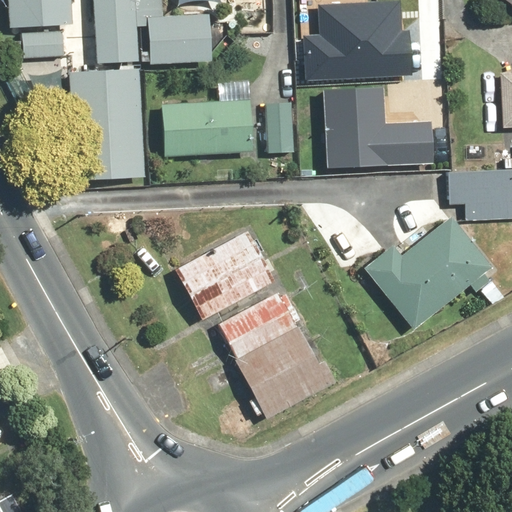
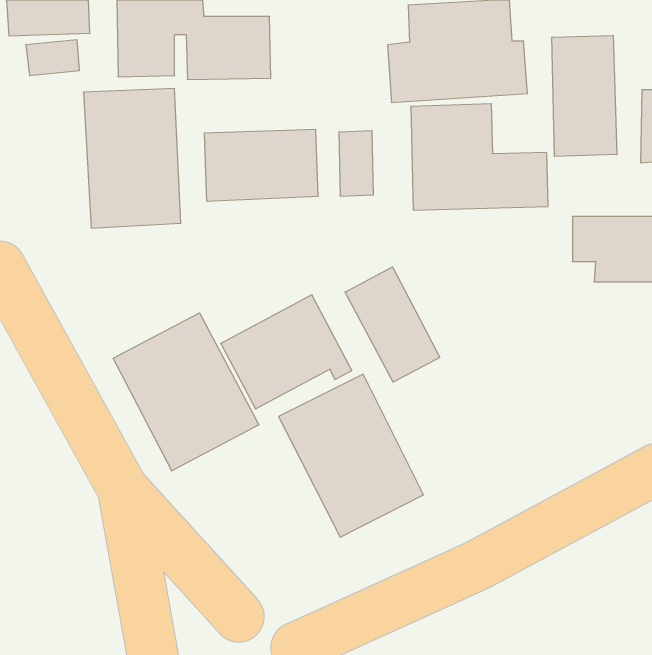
building: none -> [552,35,617,156]
building: none -> [345,267,440,382]
building: [364,216,492,328] -> none
building: none -> [113,313,259,471]

